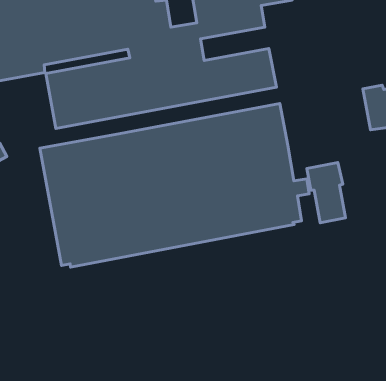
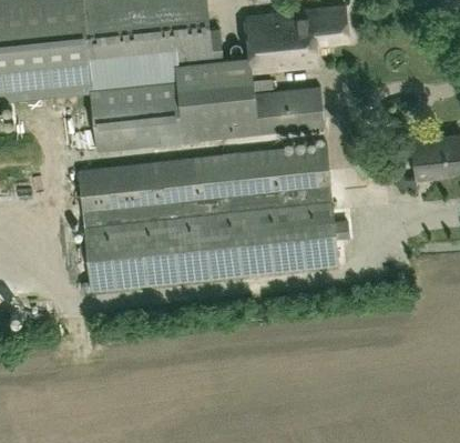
building: [307,163,346,223] -> none

